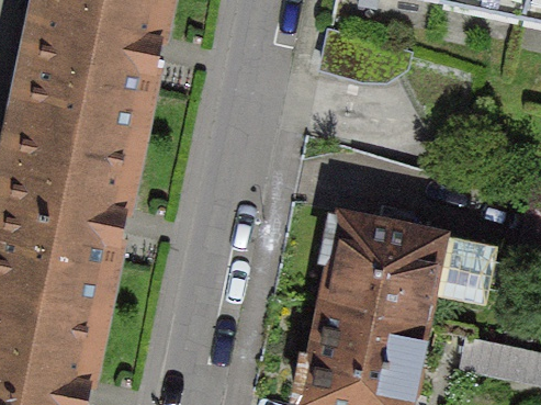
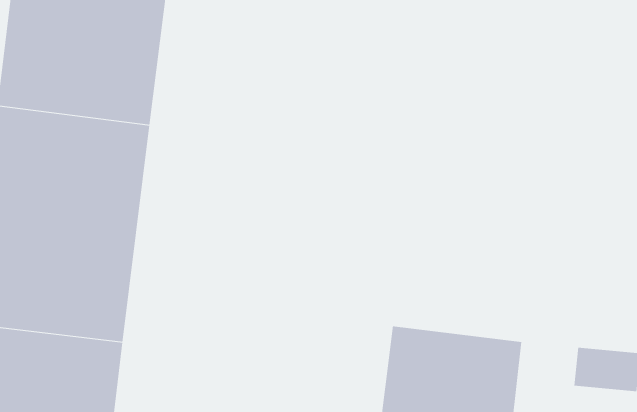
building: [322,214,498,330] -> none

